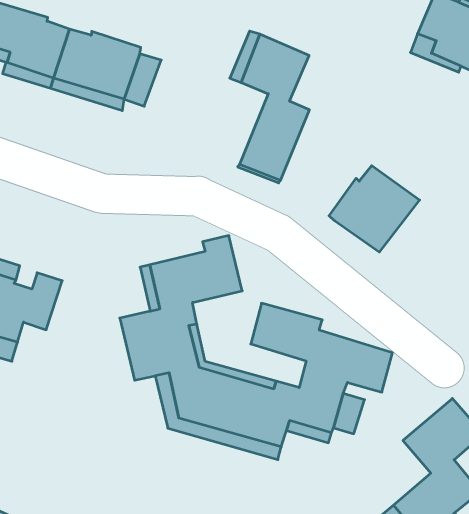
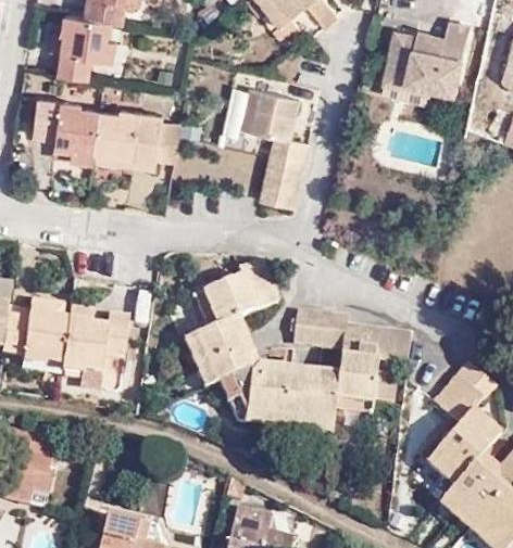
building: [329,166,420,252] -> none

